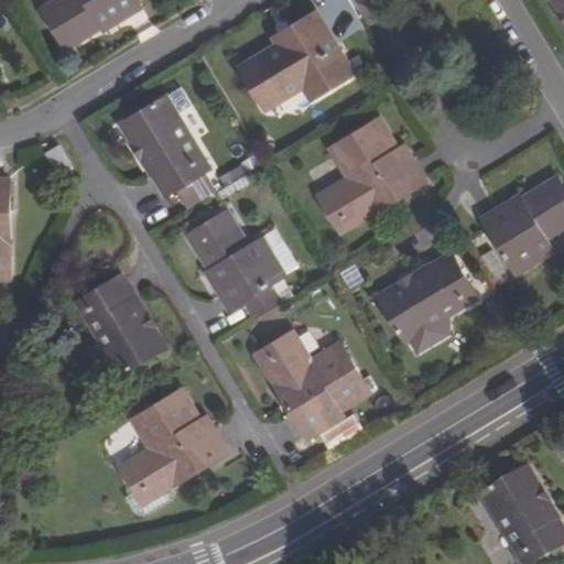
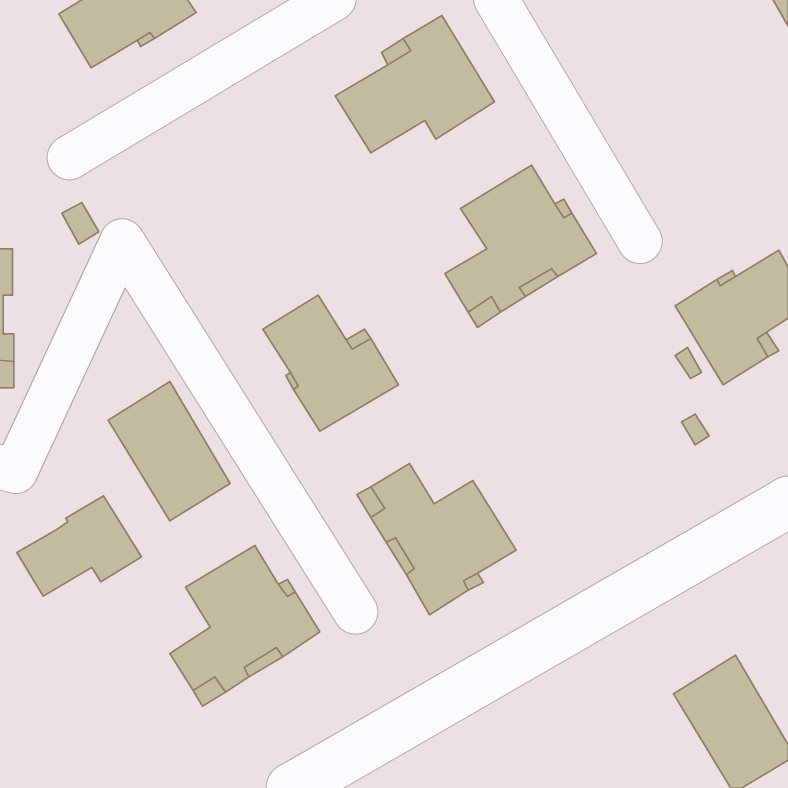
building: [120,96,209,195] -> none
building: [377,251,476,340] -> none
building: none -> [17,496,142,596]

